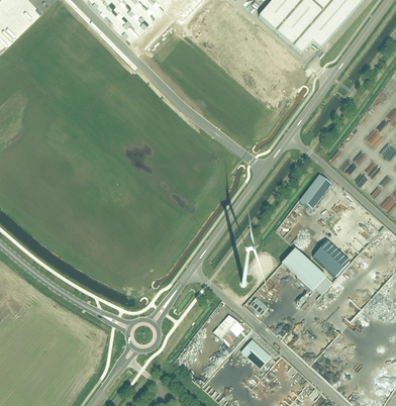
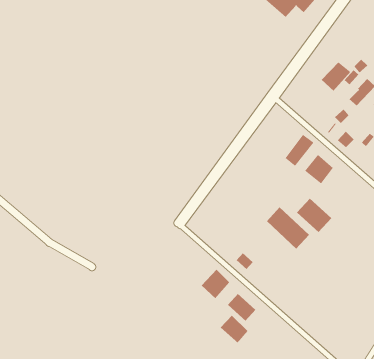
building: none -> [321,61,351,92]
building: none -> [304,154,334,185]
building: none -> [220,315,249,344]

